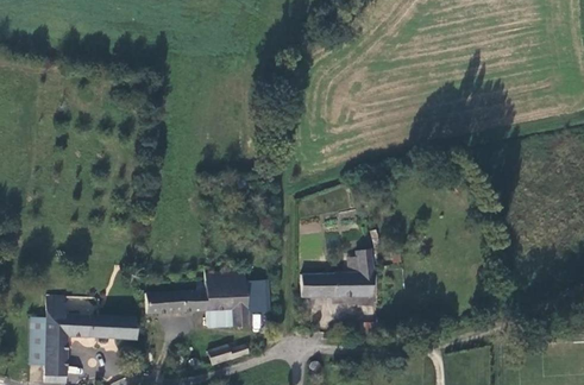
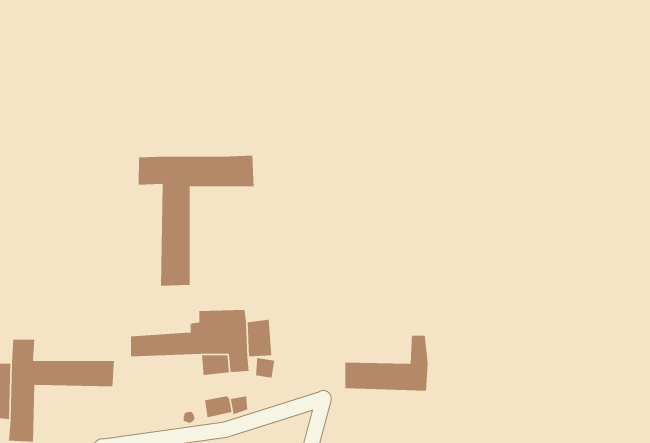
building: none -> [138,155,254,286]
building: [304,251,375,298] -> [345,335,428,392]

